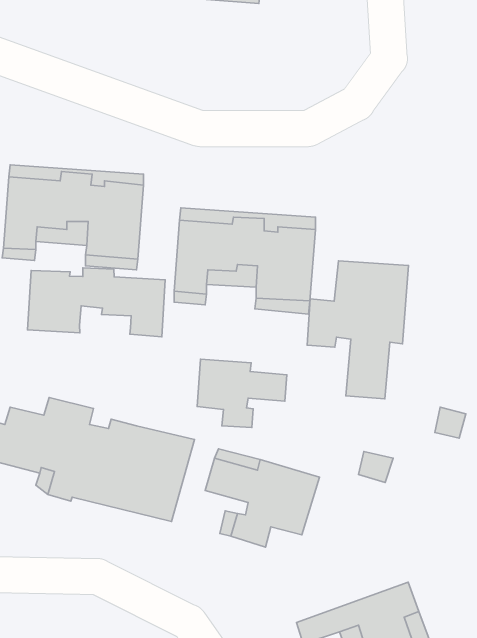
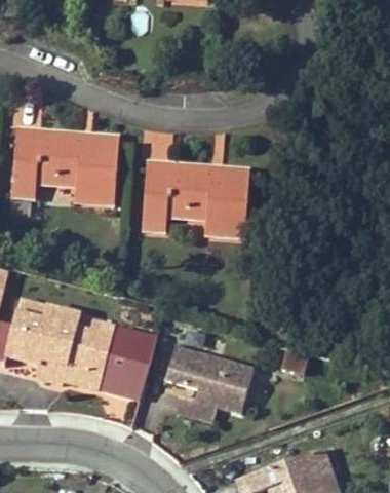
building: [307,261,408,399] -> none
building: [27,268,165,337] -> none
building: [197,359,287,428] -> none

